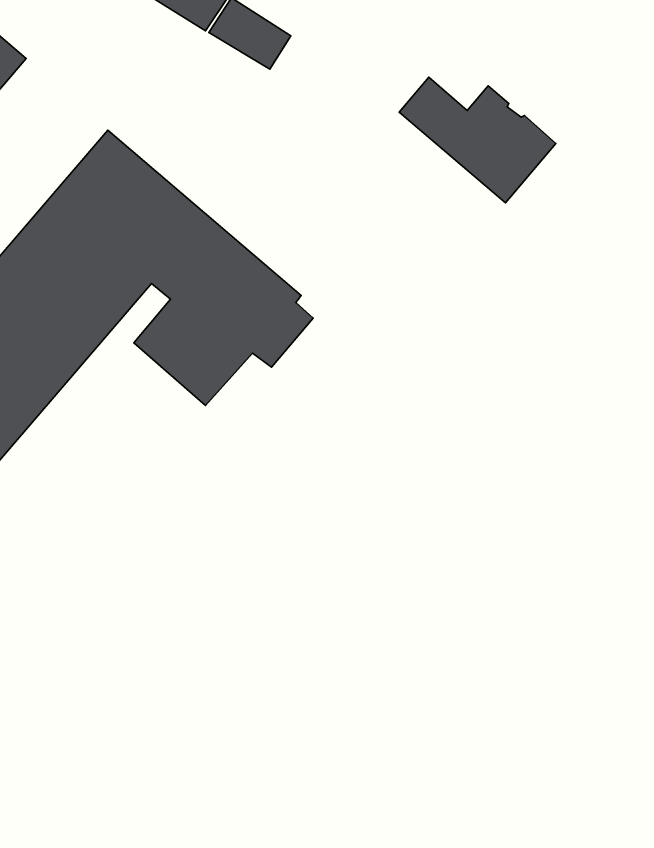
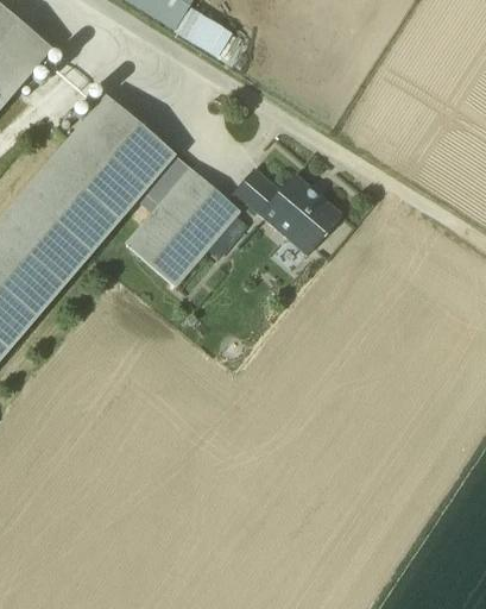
building: [399,77,556,203] -> [233,168,340,253]

